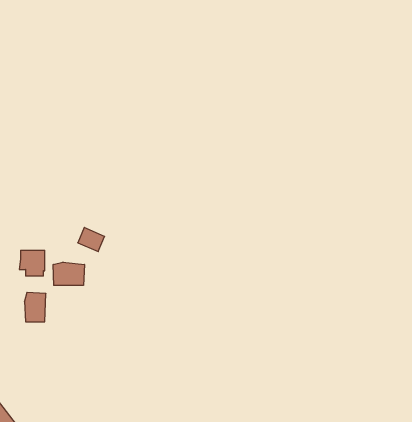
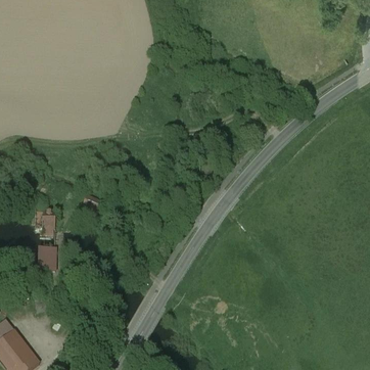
building: [53,262,84,285] -> none

